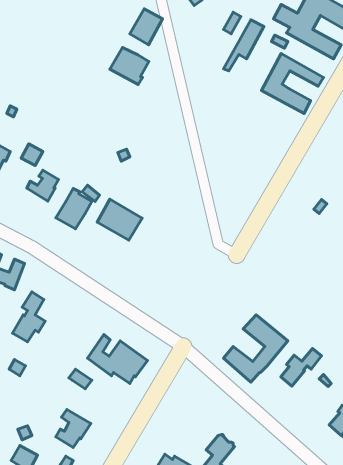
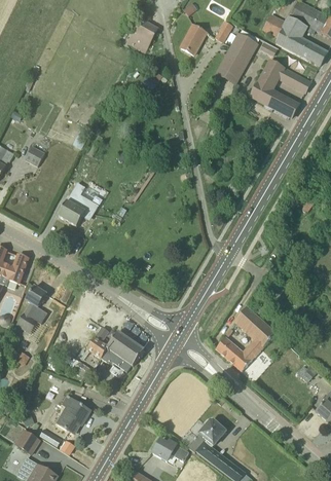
building: none -> [181,25,207,54]
building: [110,48,149,85] -> none
building: [27,170,58,201] -> none
building: [97,199,142,240] -> none
building: [281,349,322,386] -> none

